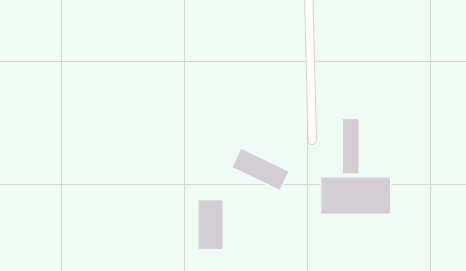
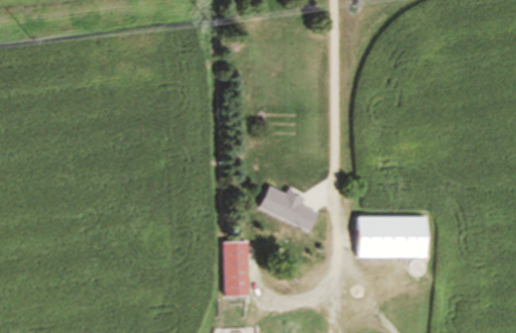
building: [342,118,359,174] -> none

